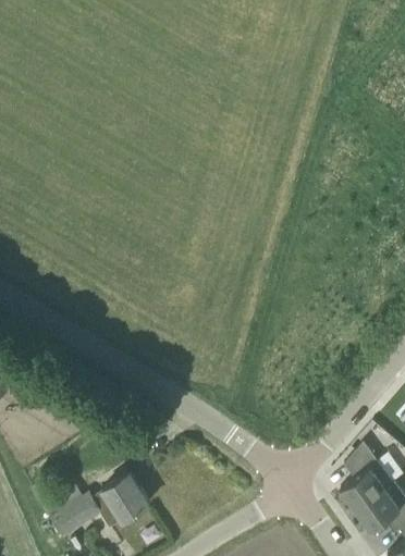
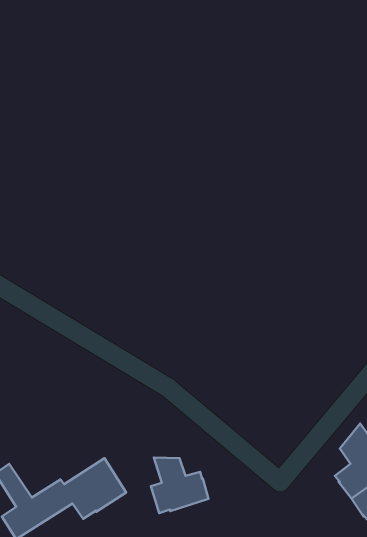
building: none -> [151,457,208,513]

